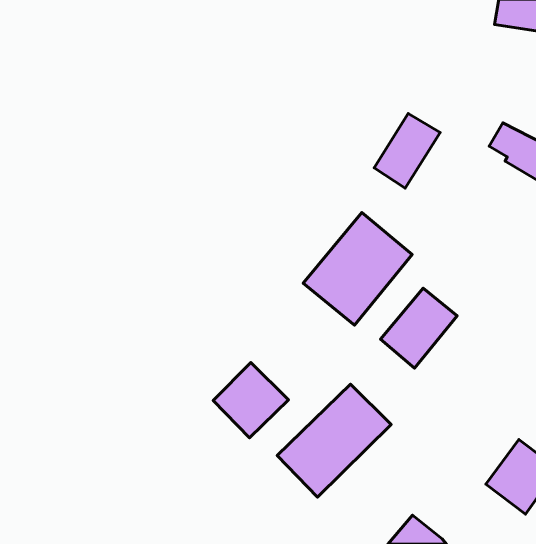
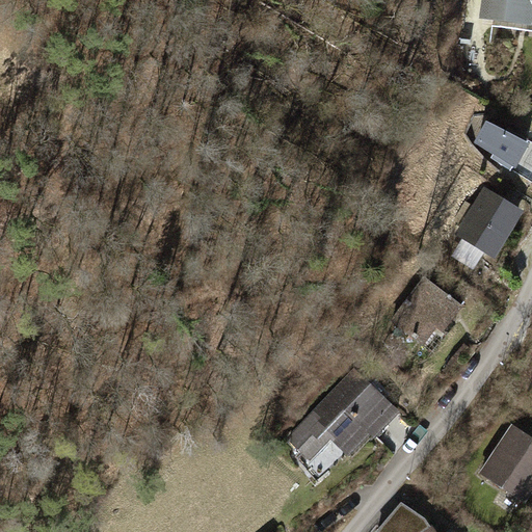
building: [374,113,440,188] -> [459,185,524,258]
building: [303,212,412,325] -> none
building: [213,362,288,438] -> none

